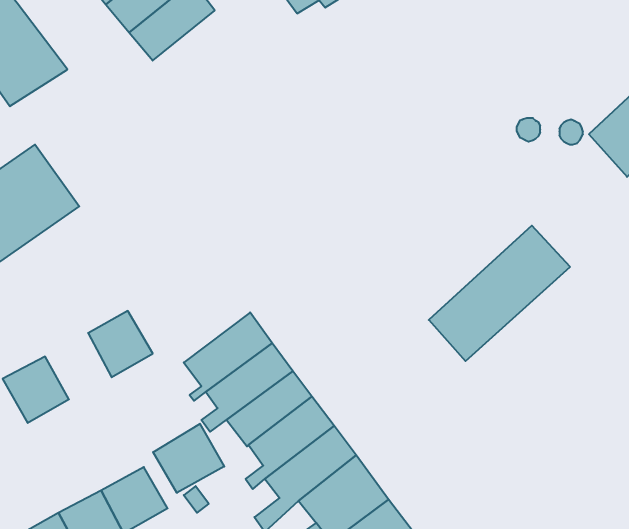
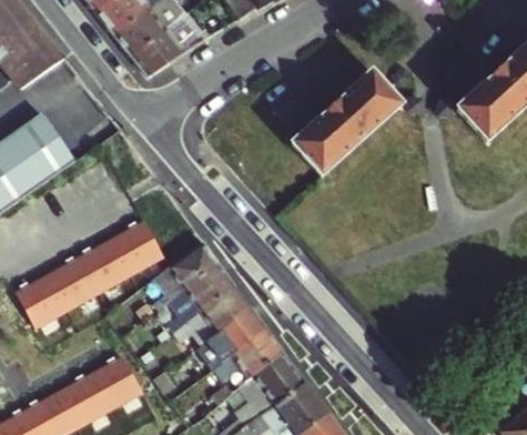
building: none -> [130,13,212,74]
building: [429,226,570,361] -> [293,71,399,173]
building: none -> [111,222,162,272]
building: none -> [49,256,99,306]
building: [153,424,224,493] -> none

